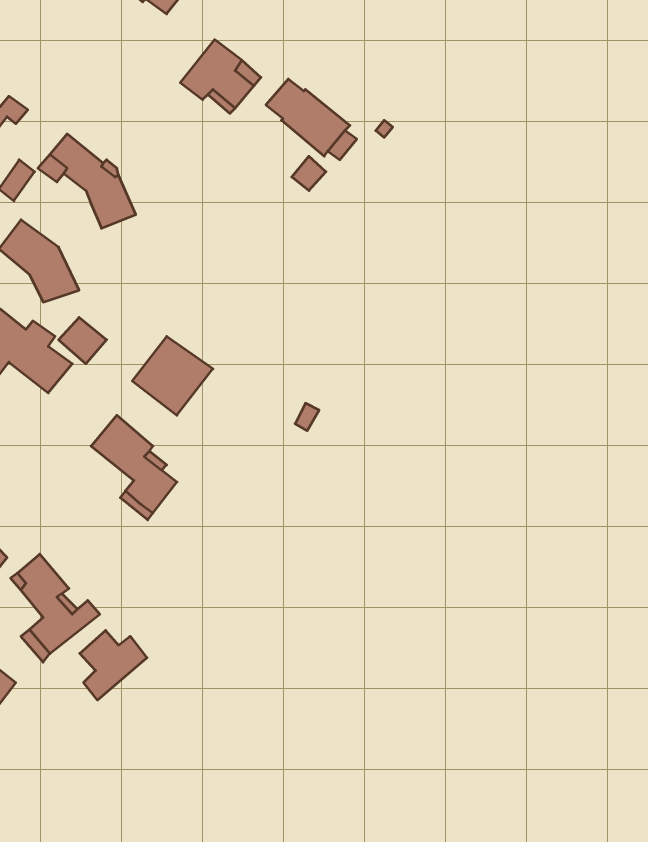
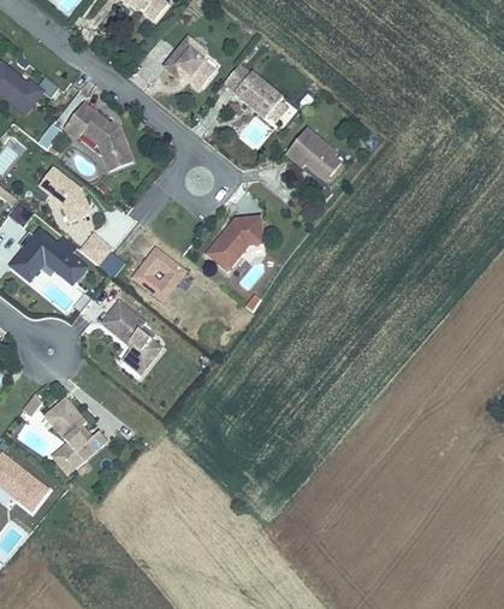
building: none -> [286,129,340,177]
building: none -> [204,215,263,272]
building: [80,630,147,700] -> none

